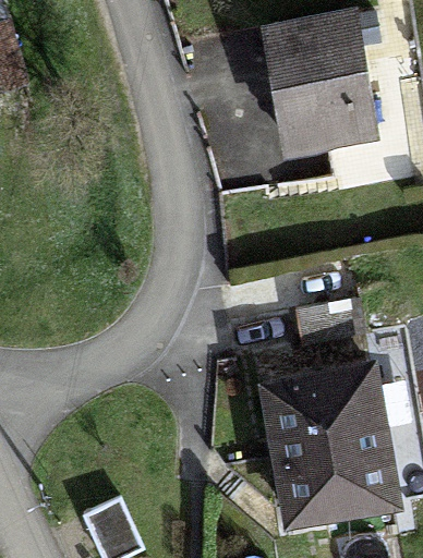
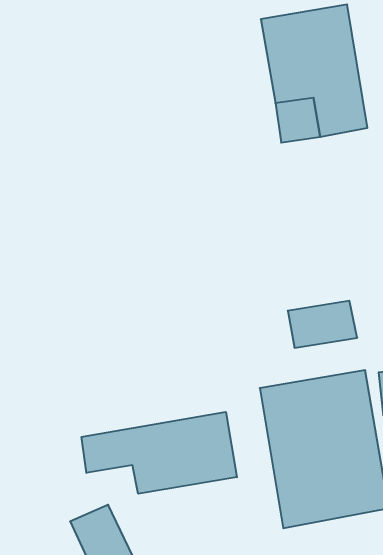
building: none -> [82,412,237,494]

